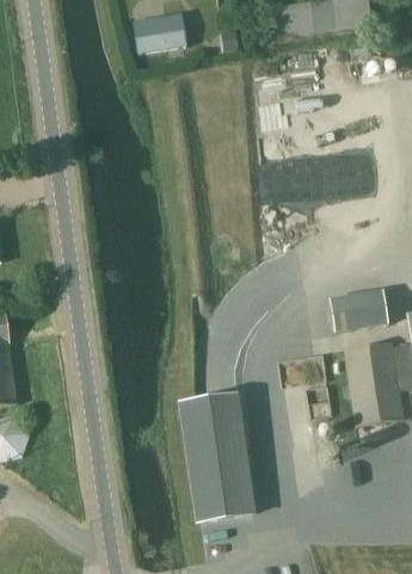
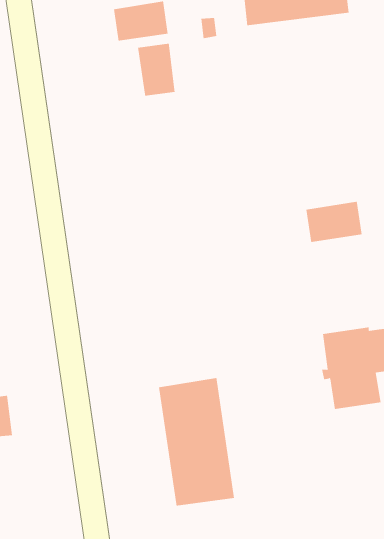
building: none -> [138,43,175,97]
building: [328,289,386,331] -> [306,201,362,243]

